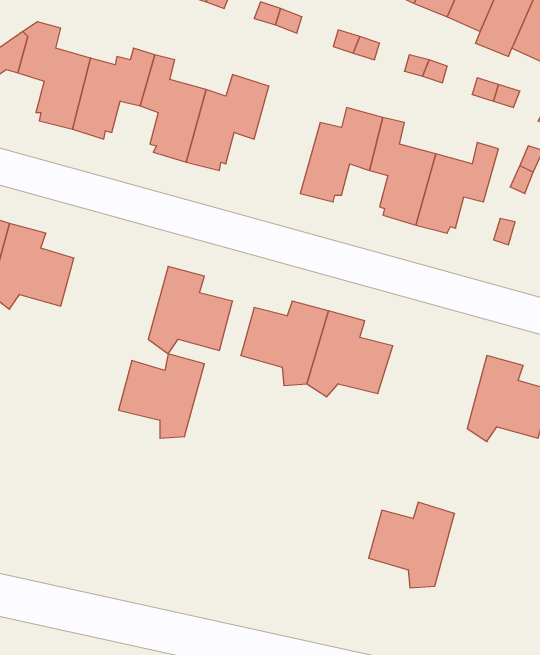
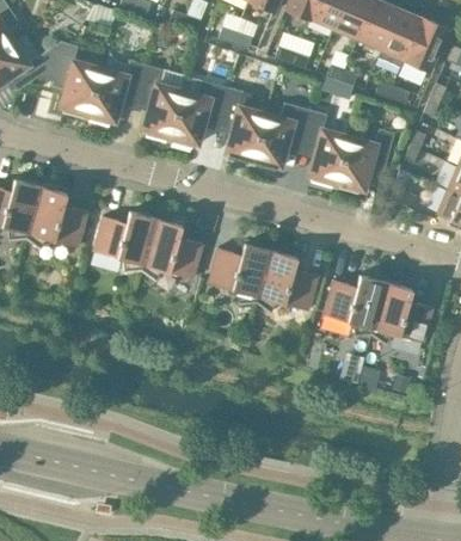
building: none -> [217,87,265,165]
building: [119,354,204,438] -> [93,210,155,271]
building: [369,502,455,588] -> [324,273,386,336]

